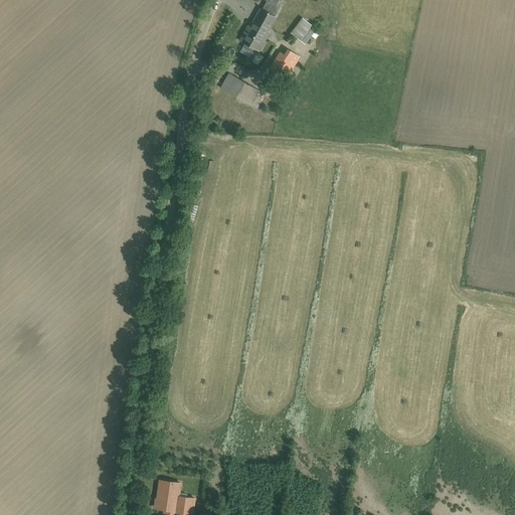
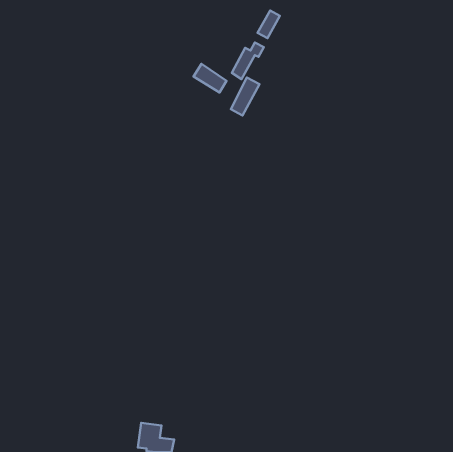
building: [241,9,274,50] -> none
building: none -> [231,78,259,115]

